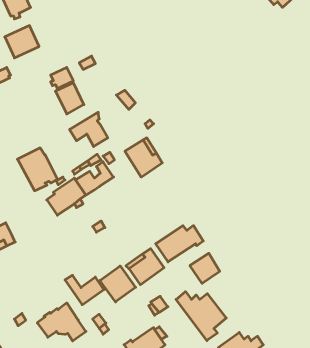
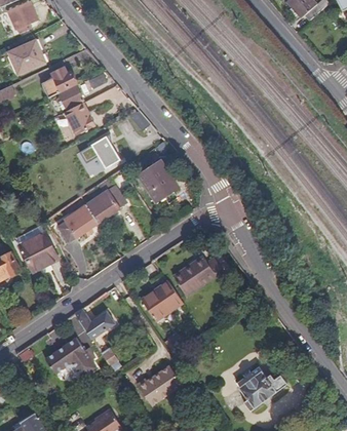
building: none -> [39,65,76,96]
building: [17,148,57,191] -> [14,226,57,272]
building: [190,253,220,283] -> none
building: [100,266,136,302] -> none
building: [176,292,226,341] -> none

